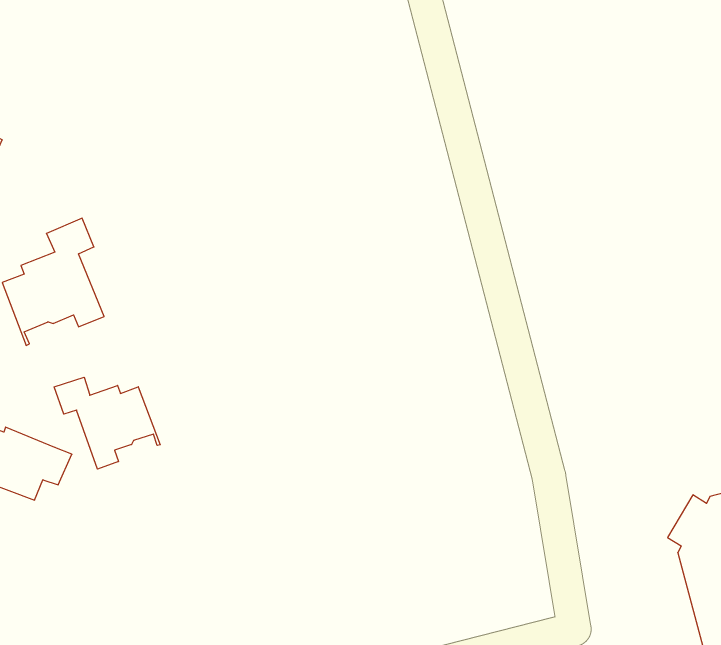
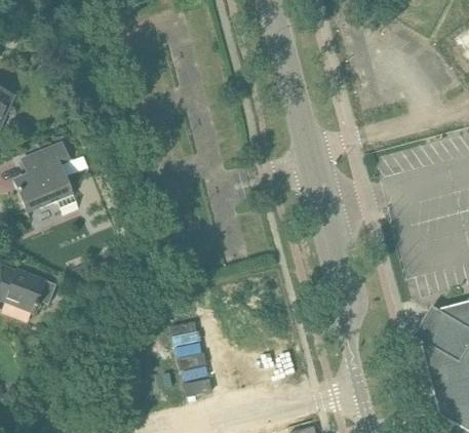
building: [54,377,160,469] -> none

